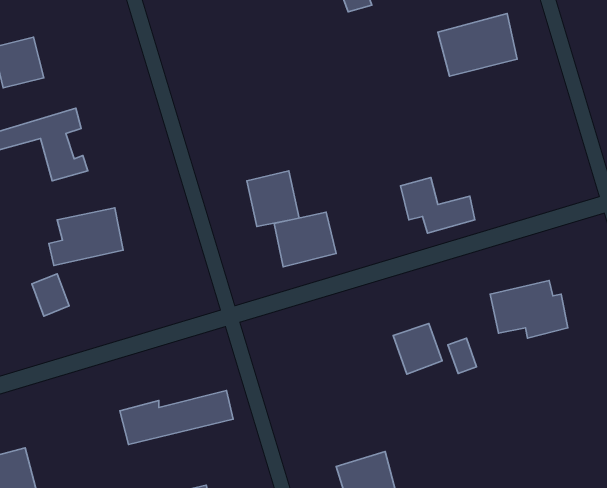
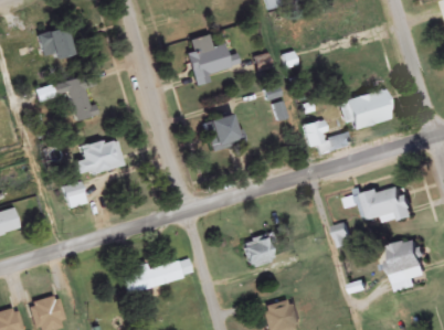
building: [438,14,517,76] -> [338,88,390,129]
building: none -> [184,34,237,85]
building: [274,212,336,267] -> none
building: [393,324,442,374] -> [240,234,272,267]
building: none -> [382,237,425,291]

